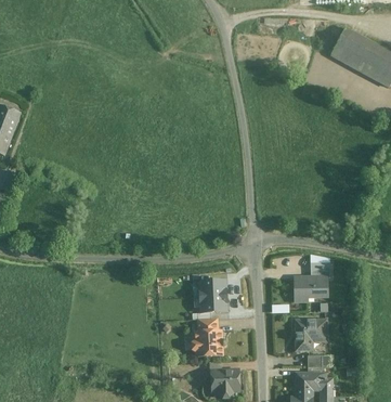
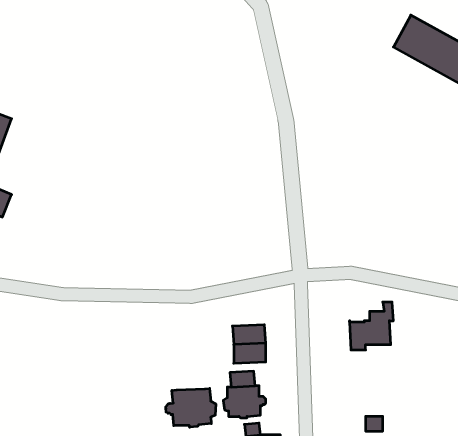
building: [295,320,325,350] -> none
building: none -> [166,388,216,427]

